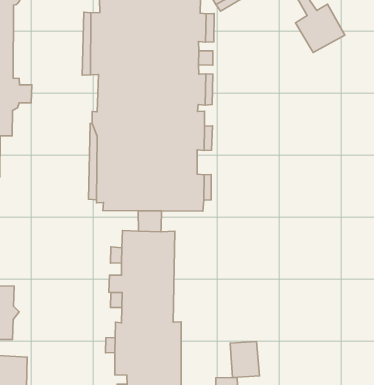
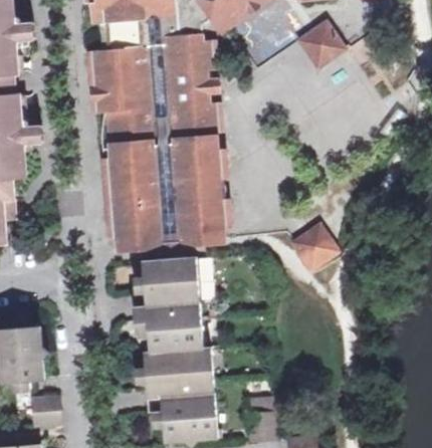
building: none -> [288,227,335,272]
building: [230,341,259,378] -> none

